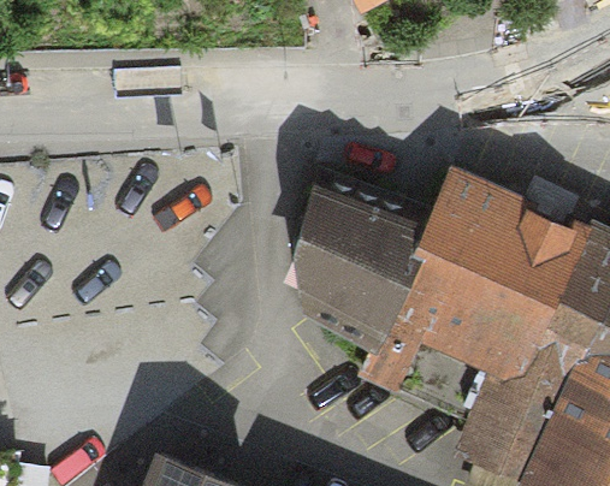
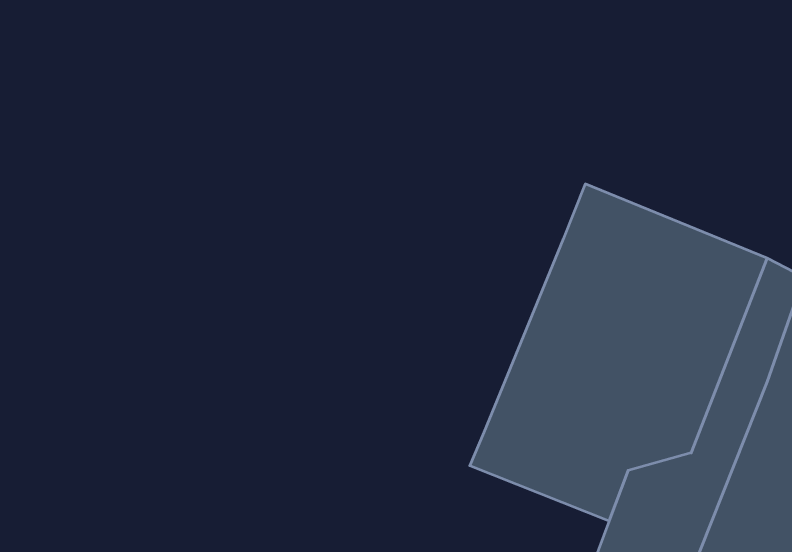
building: [291,165,433,351] -> none

